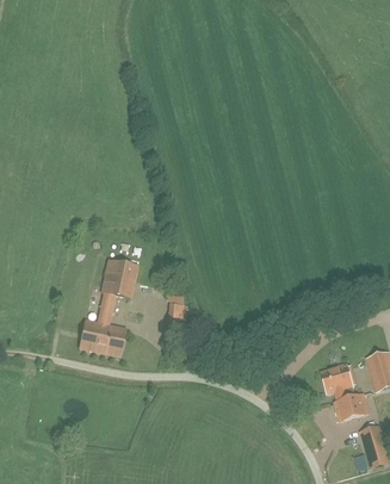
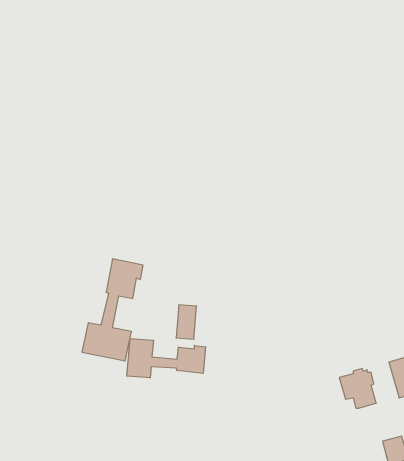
building: none -> [127,338,205,378]
building: [334,392,369,420] -> none

